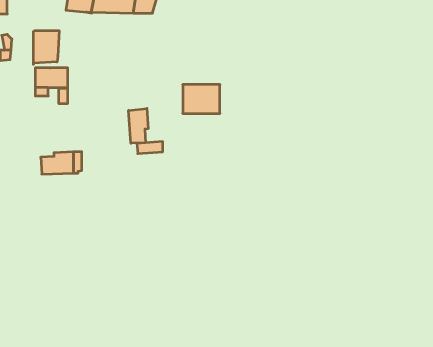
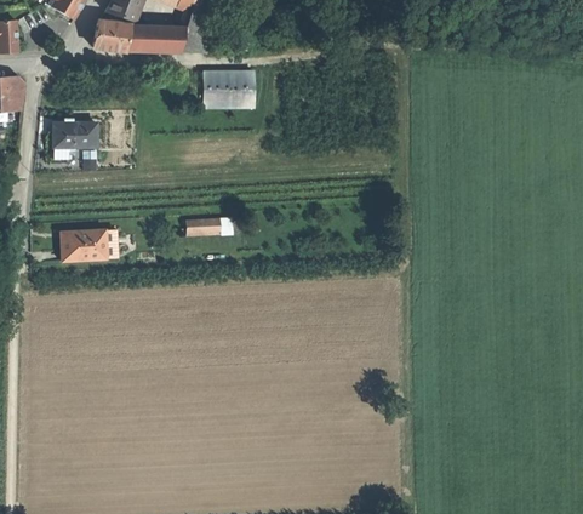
building: [33,31,59,64] -> none
building: [183,85,220,113] -> [205,69,253,107]
building: [129,108,148,143] -> none

